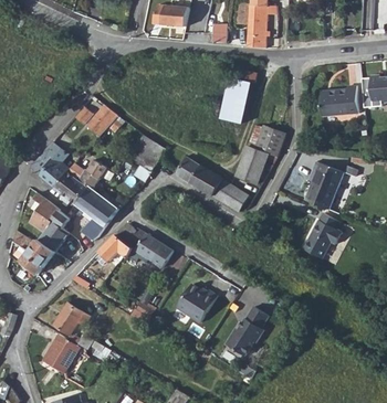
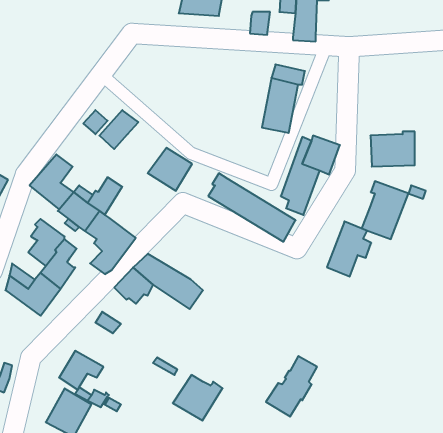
building: [322,85,358,114] -> [370,132,415,167]
building: [306,215,343,261] -> [327,221,371,277]
building: [176,284,217,321] -> [173,375,223,421]

